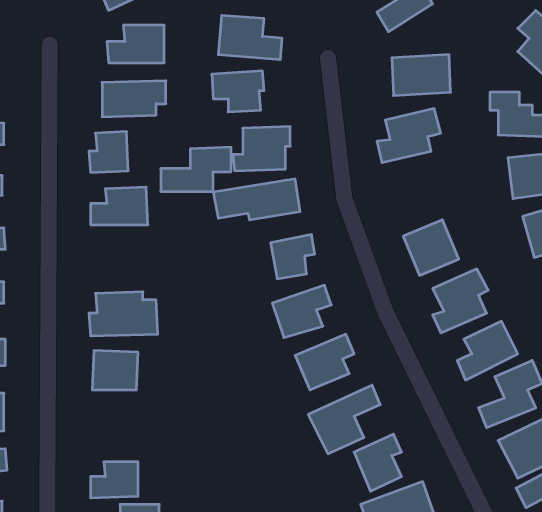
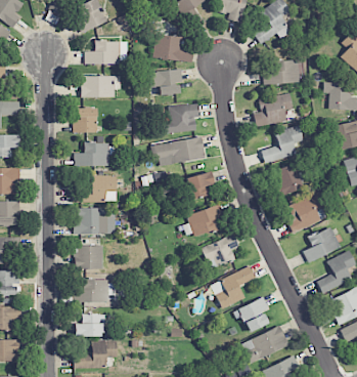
building: [161,147,231,191] -> [73,174,117,202]
building: none -> [260,125,303,162]
building: none -> [79,280,117,301]

